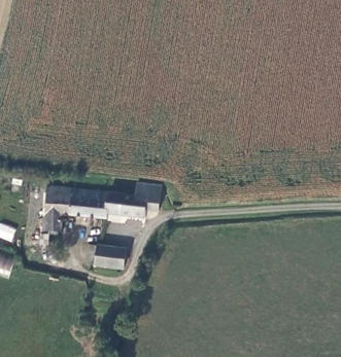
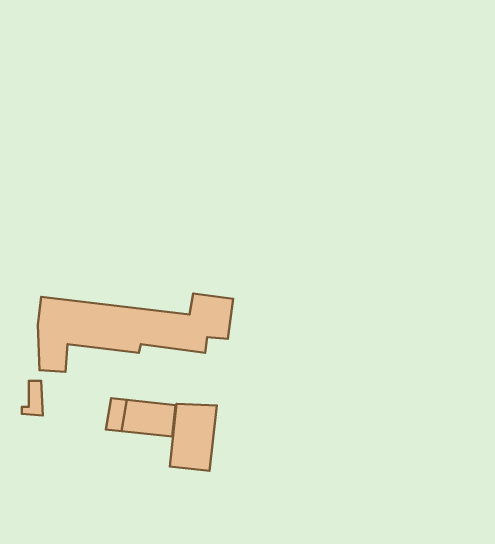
building: none -> [170,404,217,471]

